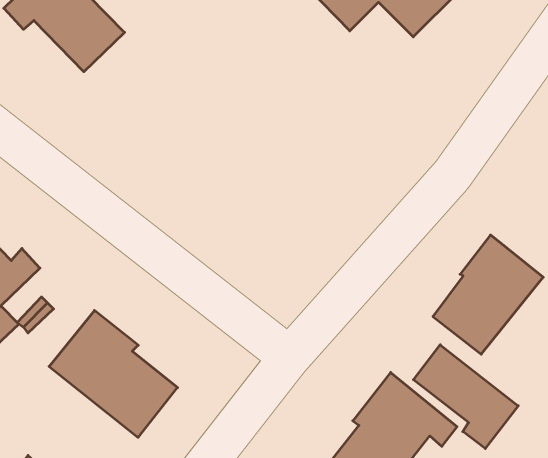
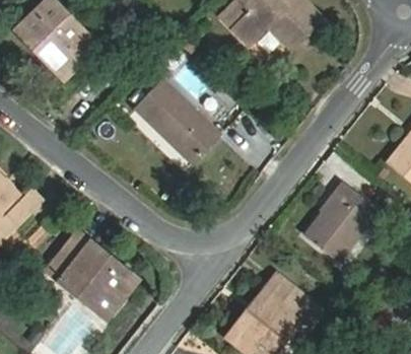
building: none -> [134,79,219,163]
building: [413,345,518,449] -> none

